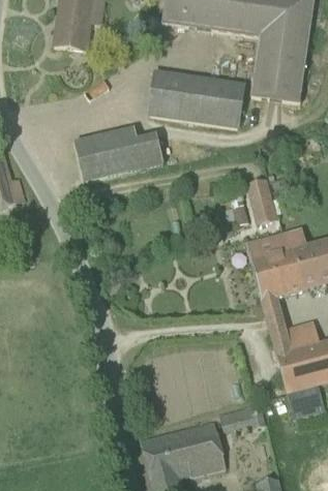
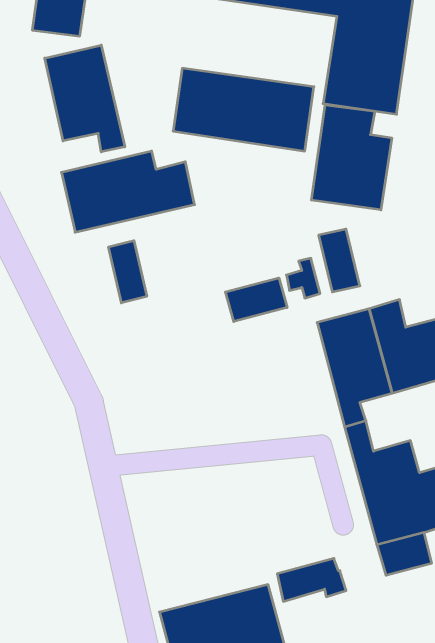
building: none -> [45,45,125,152]
building: none -> [311,105,392,210]
building: none -> [109,241,147,303]
building: none -> [225,278,287,322]

